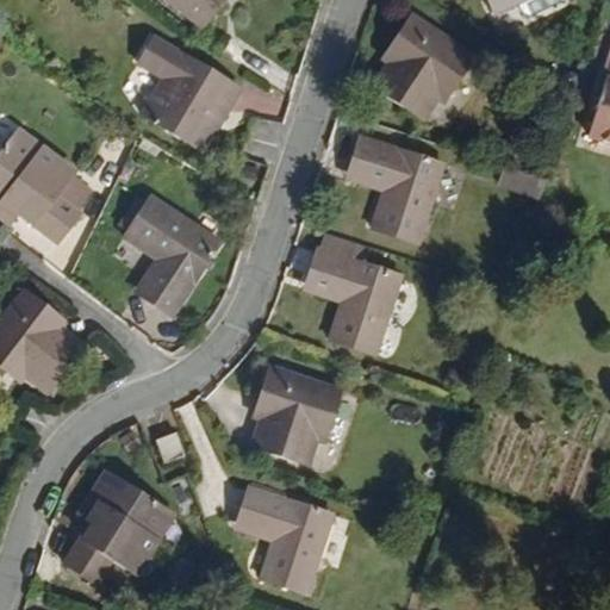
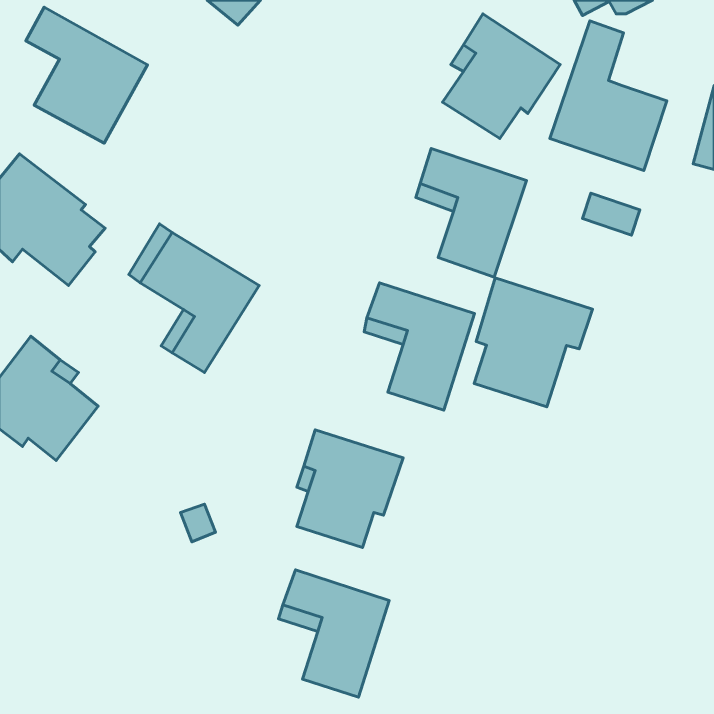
building: none -> [550,21,667,171]
building: [133,33,237,149] -> [26,7,148,143]
building: none -> [474,278,592,407]
building: [62,471,169,583] -> none

